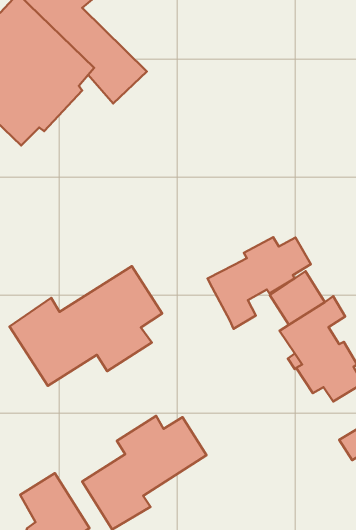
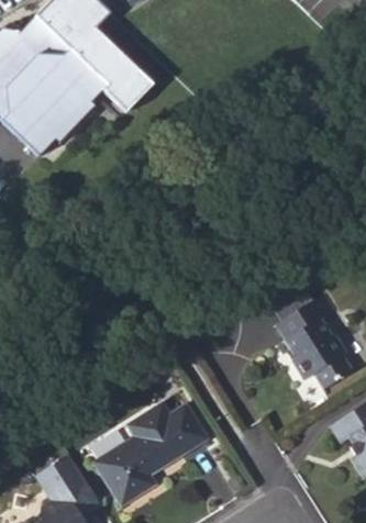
building: [207,237,311,329] -> none
building: [10,266,162,386] -> none

